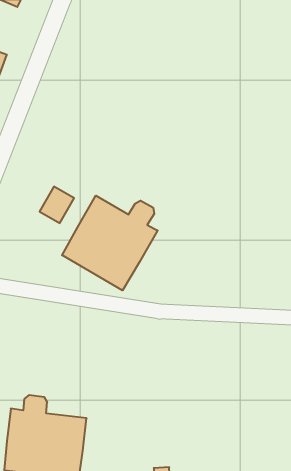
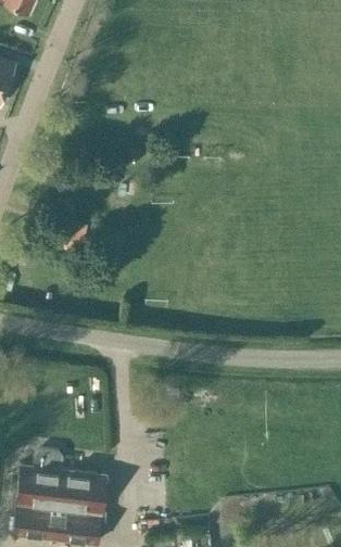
building: [62,196,158,290] -> none

